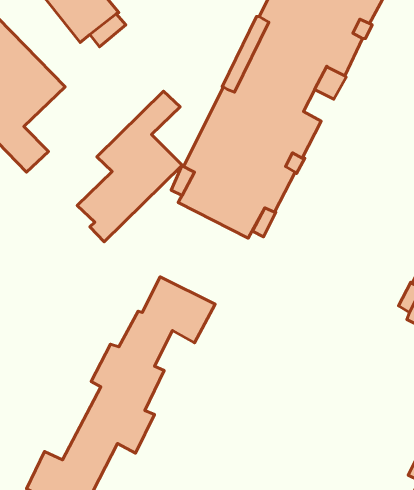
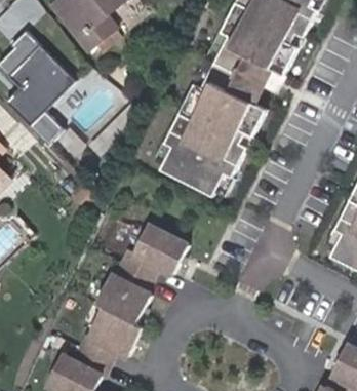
building: [77,91,182,242] -> none

